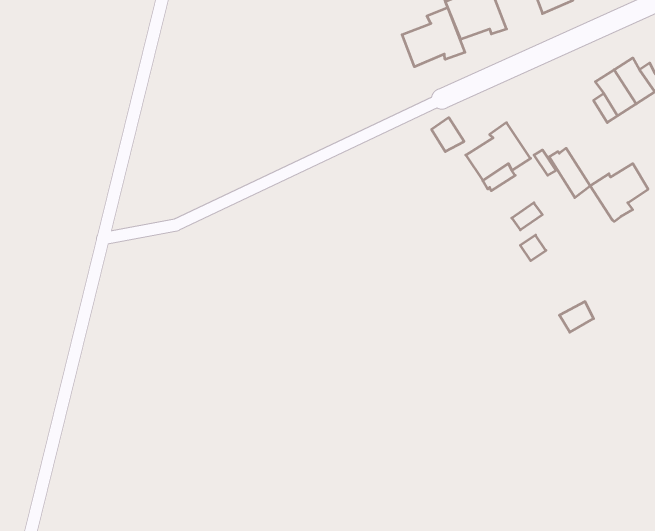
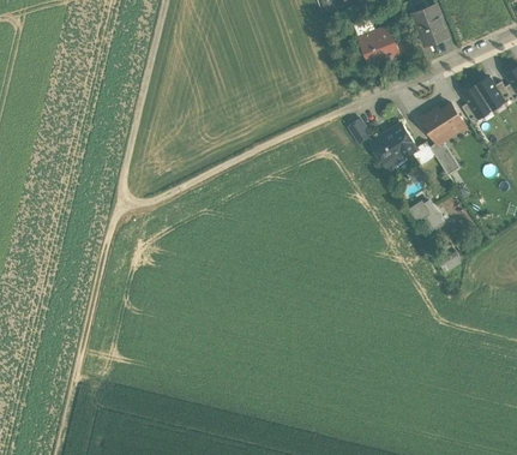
building: [402,7,465,67] -> none
building: [590,164,648,221] -> [421,103,462,144]

